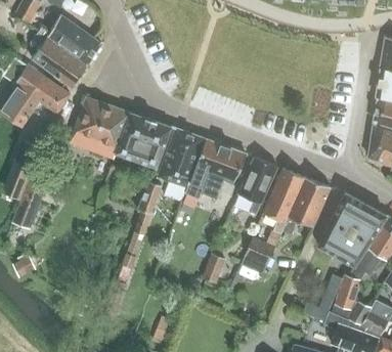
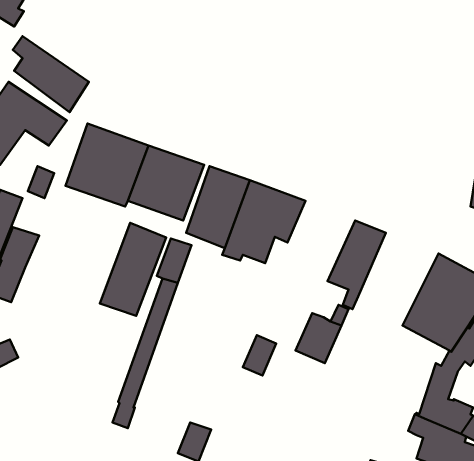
building: [48,14,101,65] -> none
building: [238,158,277,214] -> none
building: none -> [100,223,166,316]
building: [282,177,331,235] -> none
building: [302,273,341,321] -> none

